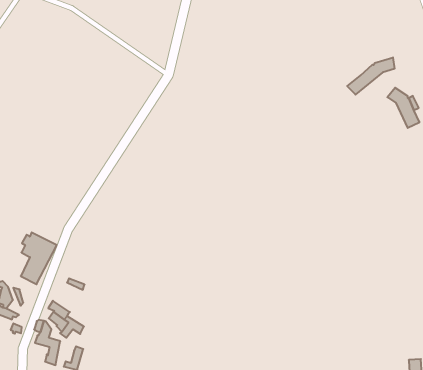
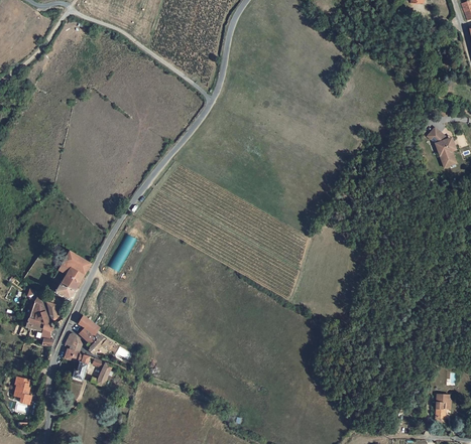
building: [347,57,395,95] -> none

